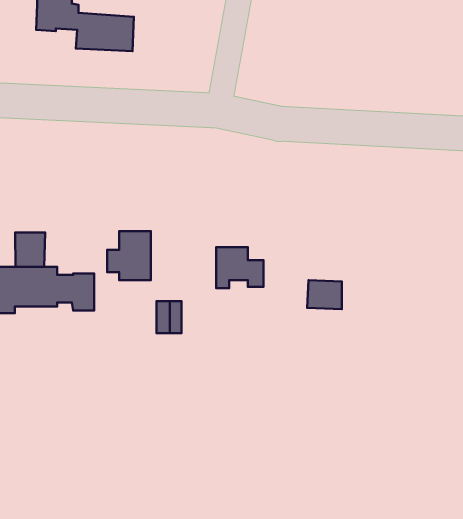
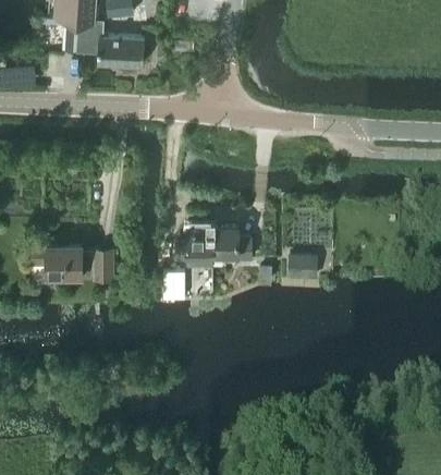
building: [107,231,151,280] -> [175,228,211,268]
building: [15,233,45,267] -> none

